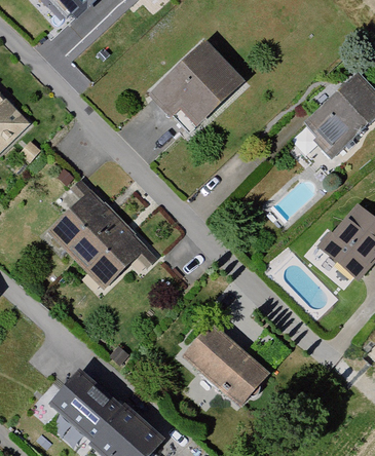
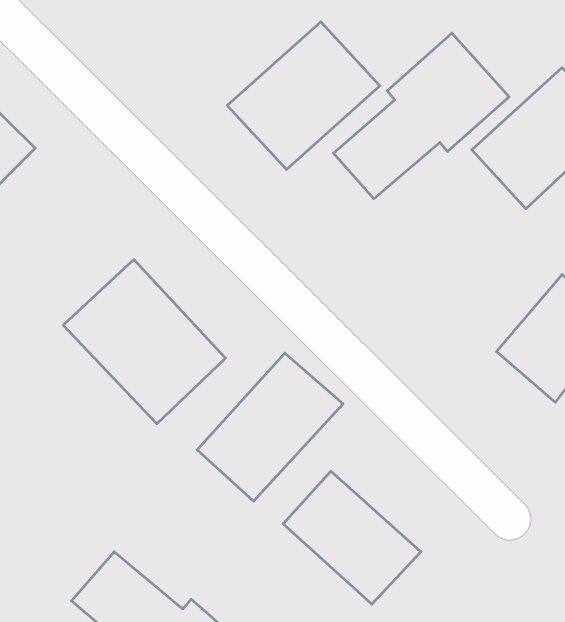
building: none -> [333,33,509,199]
building: none -> [197,353,343,501]

